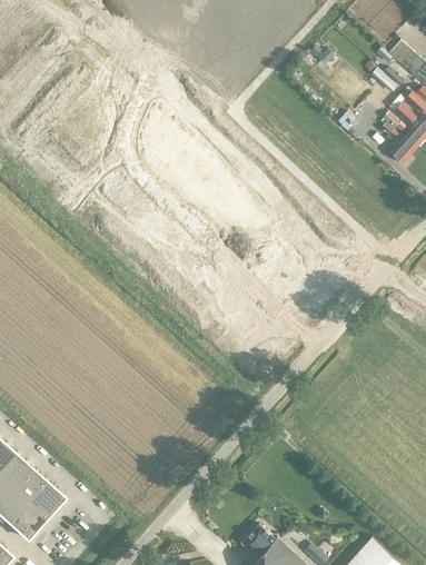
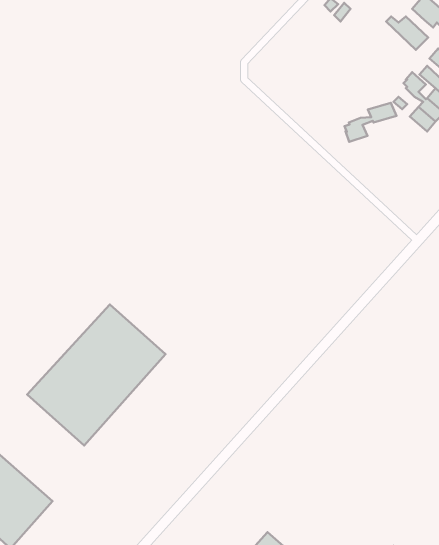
building: none -> [344,103,397,142]
building: none -> [27,305,165,446]

